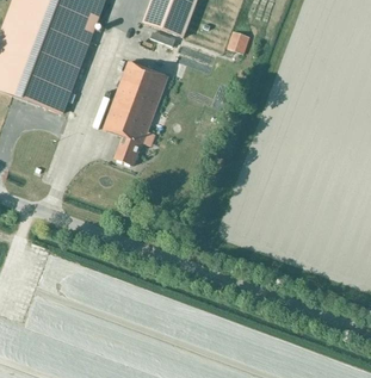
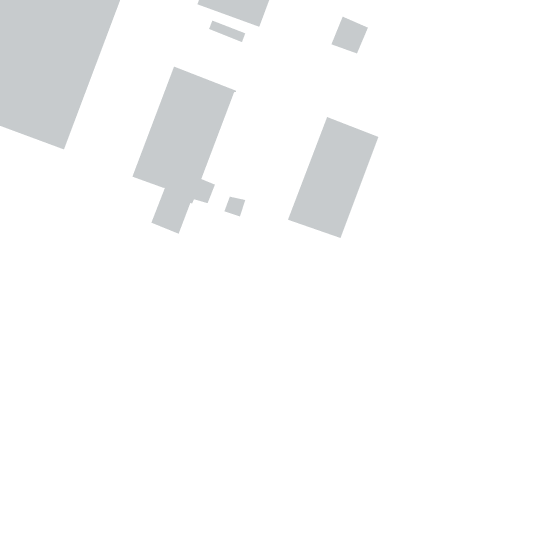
building: none -> [287,116,379,239]

